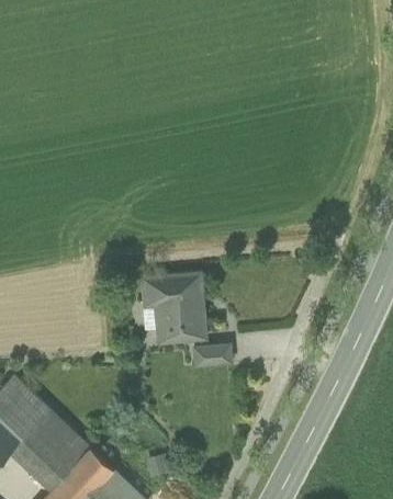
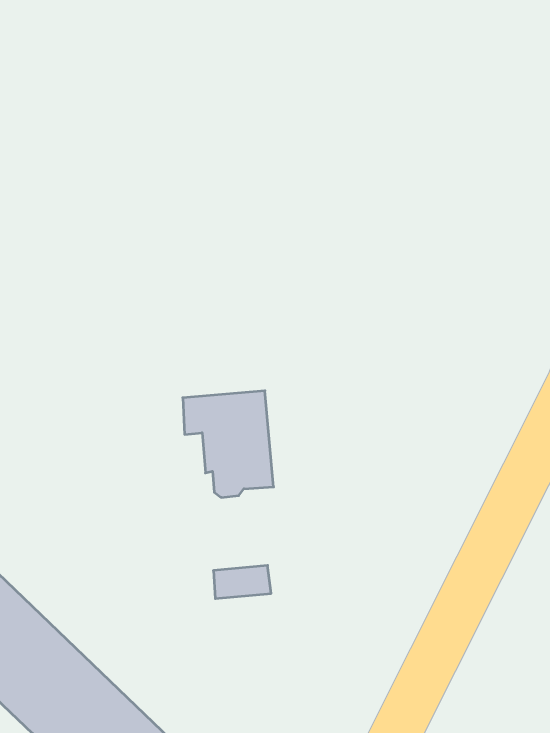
building: [194,345,231,366] -> [213,565,271,599]

